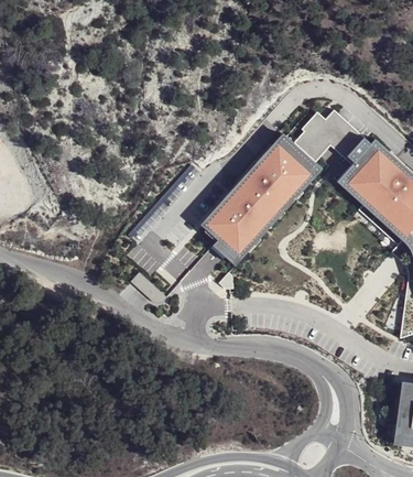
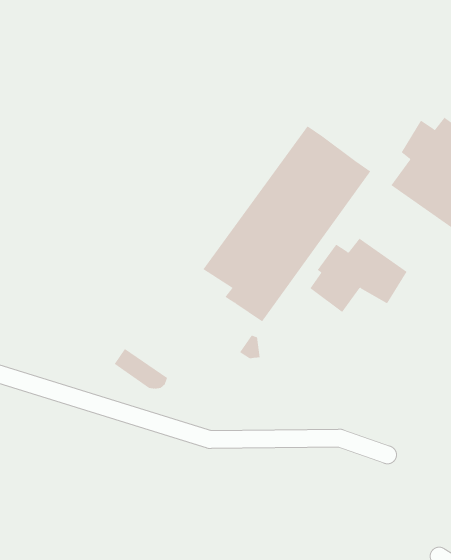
building: [293,110,362,161] -> [310,238,407,313]

